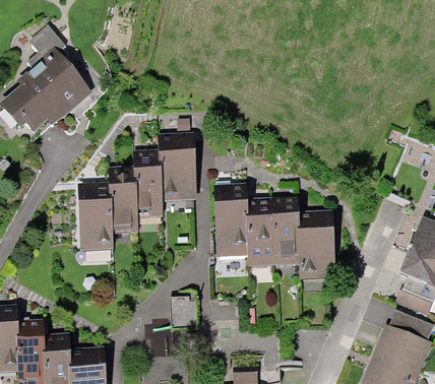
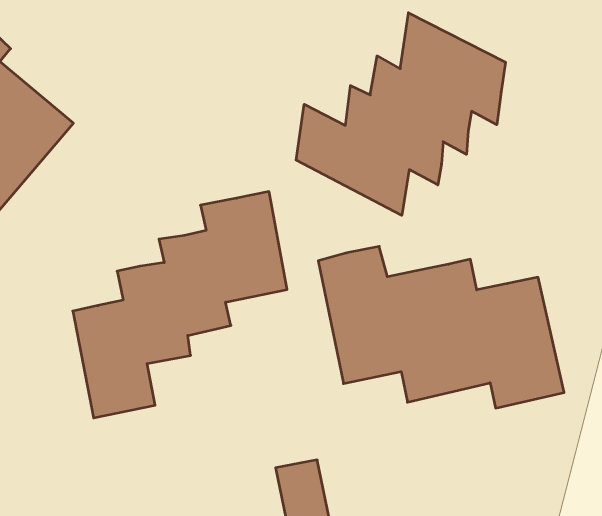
building: none -> [296,13,505,215]

